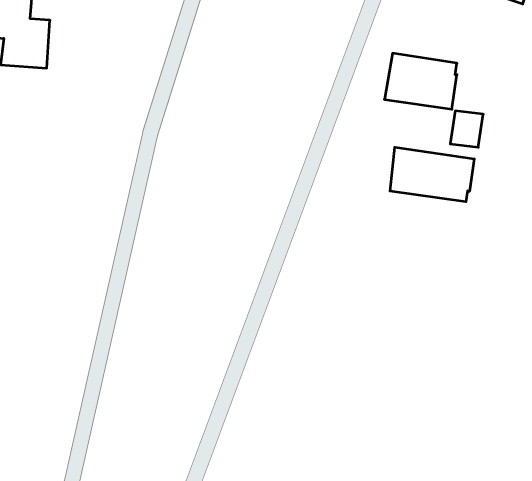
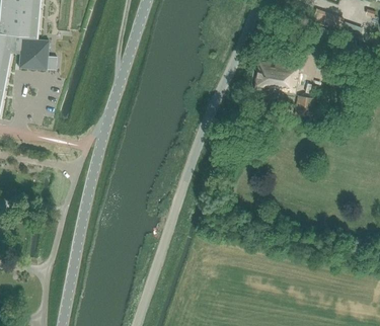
building: [390,147,474,202] -> none

